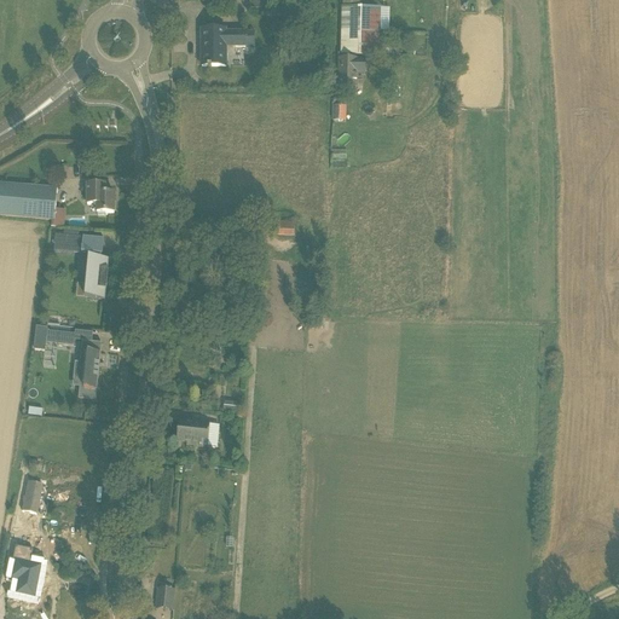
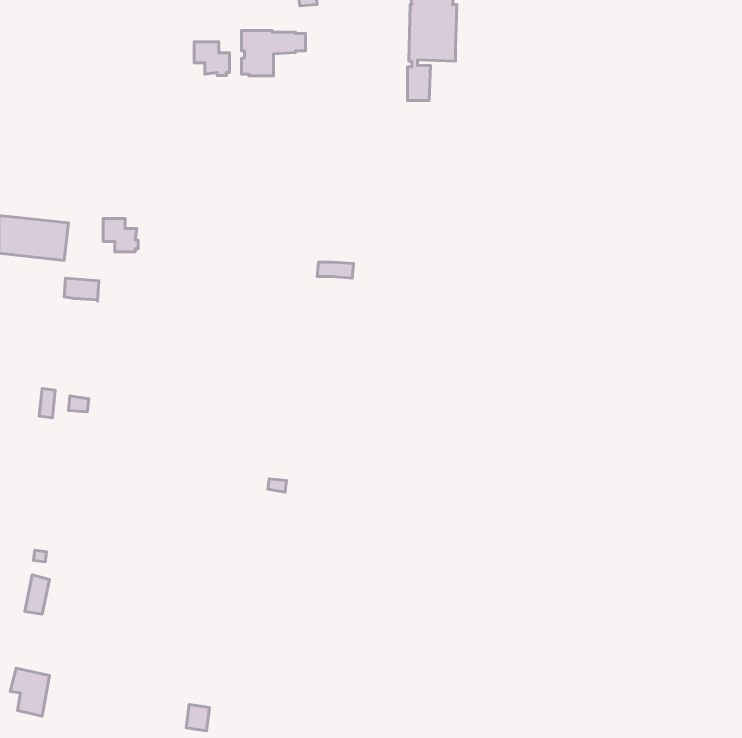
building: none -> [194,42,229,75]
building: [80,233,108,296] -> none
building: [77,337,100,397] -> none
building: [177,417,209,442] -> none

